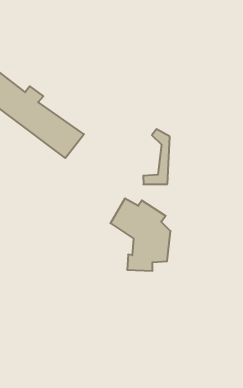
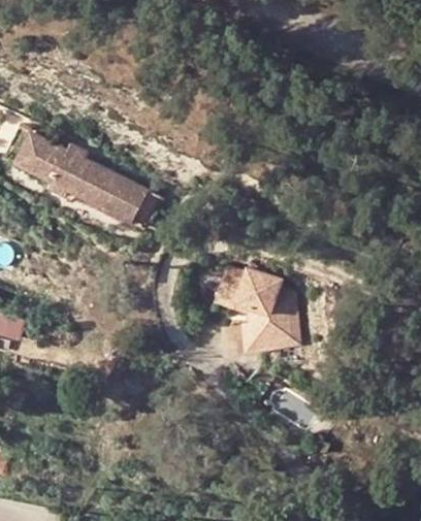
building: [143,129,170,184] -> [266,278,297,347]

